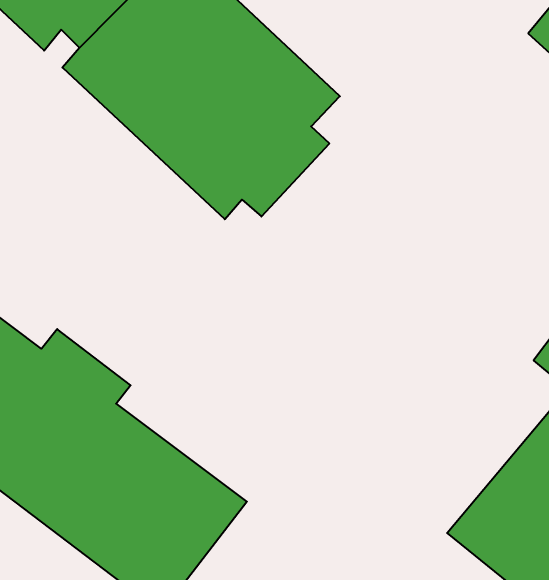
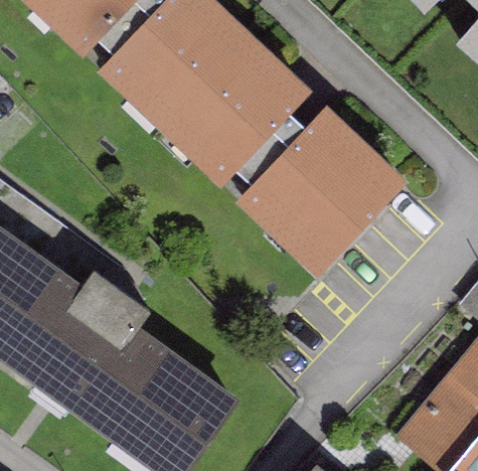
building: none -> [236,107,407,277]

